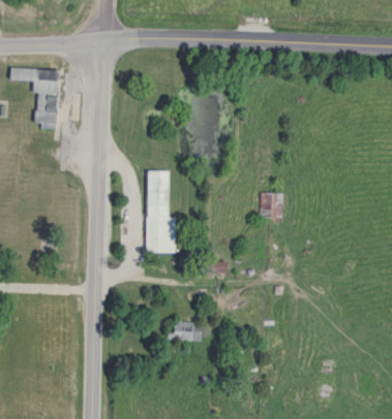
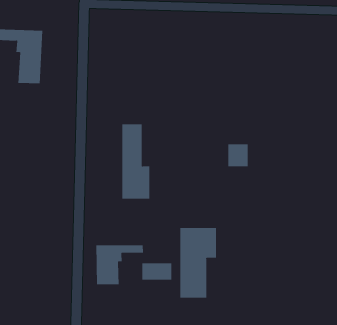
building: none -> [180,227,217,298]
building: none -> [96,245,144,285]

